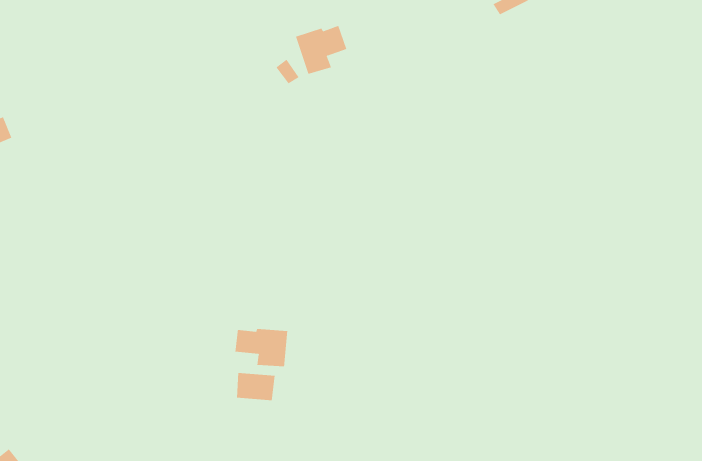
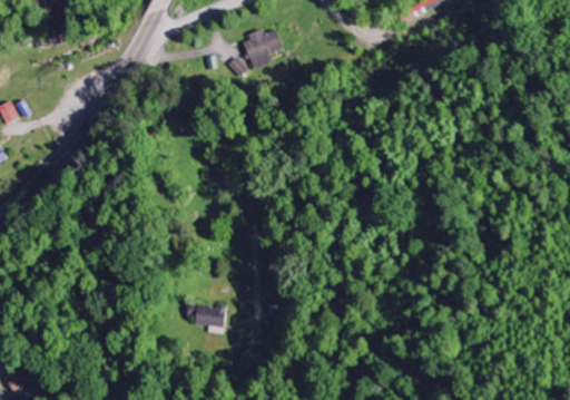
building: [235,328,288,367] -> none

